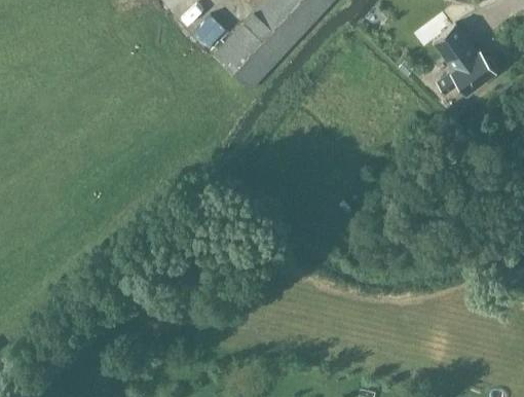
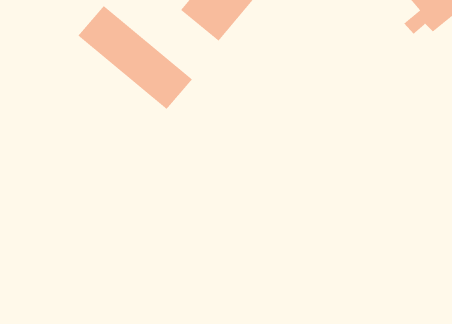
building: none -> [78,5,193,110]

